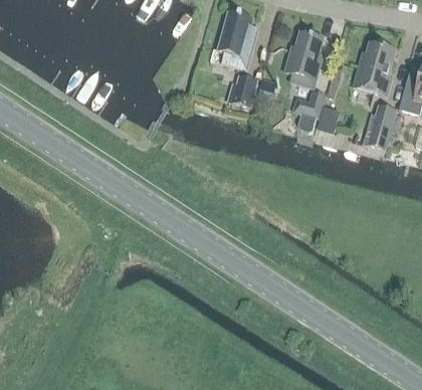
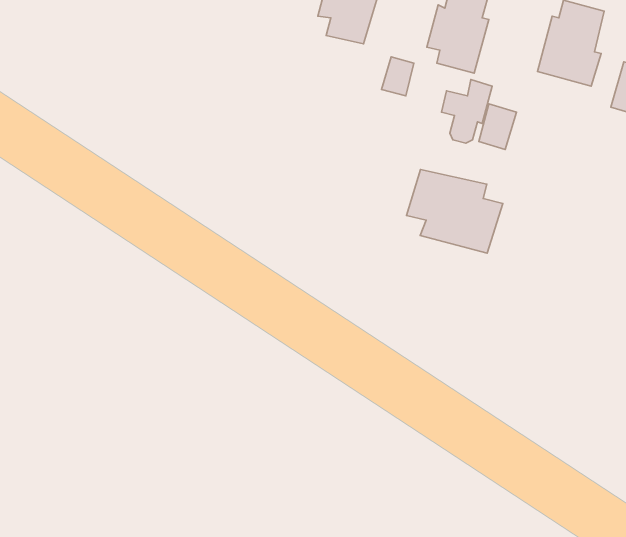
building: [231,74,256,106] -> none
building: [364,104,396,148] -> none
building: none -> [407,169,503,253]

